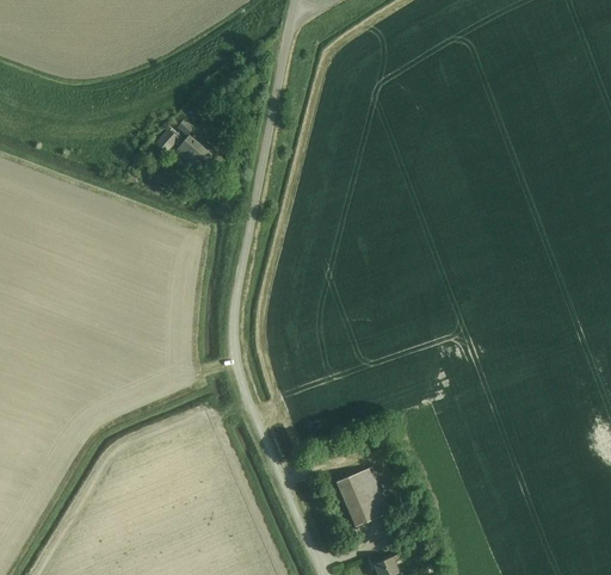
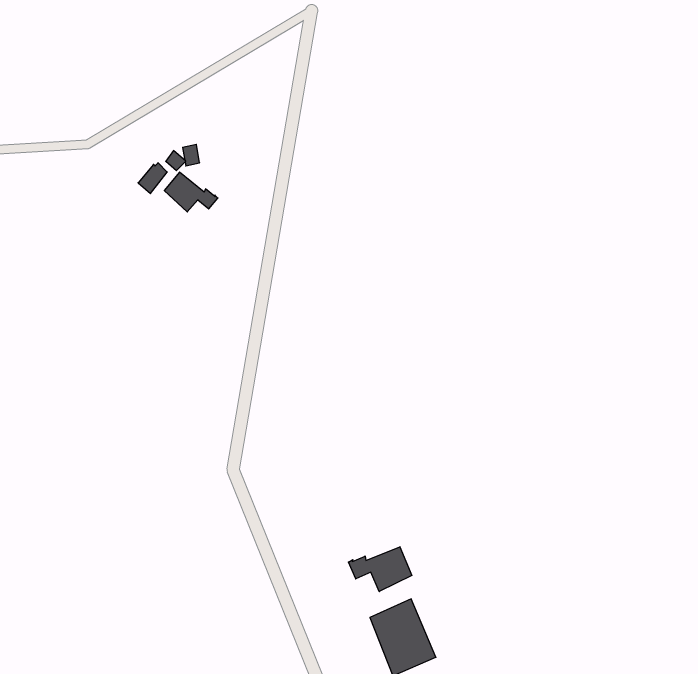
building: none -> [348,547,412,592]

